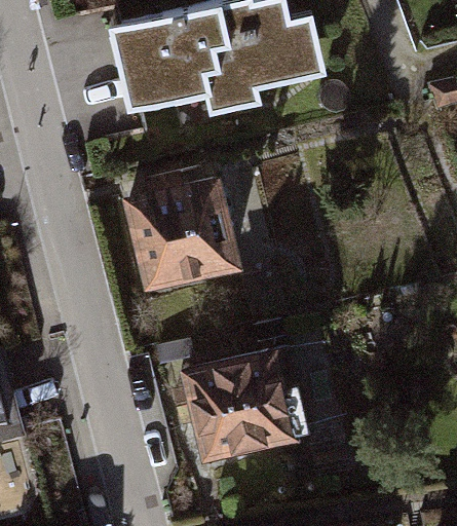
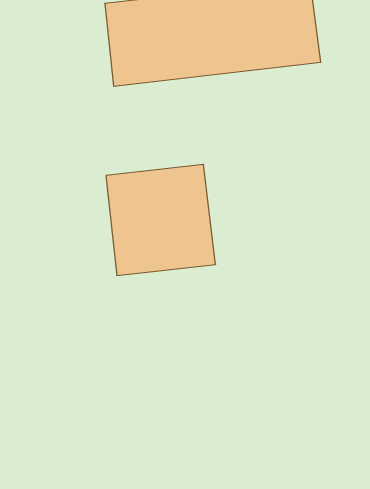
building: [173,344,302,459] -> none

